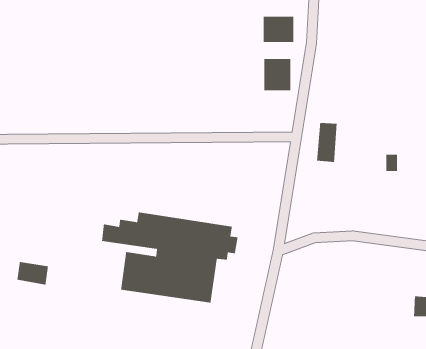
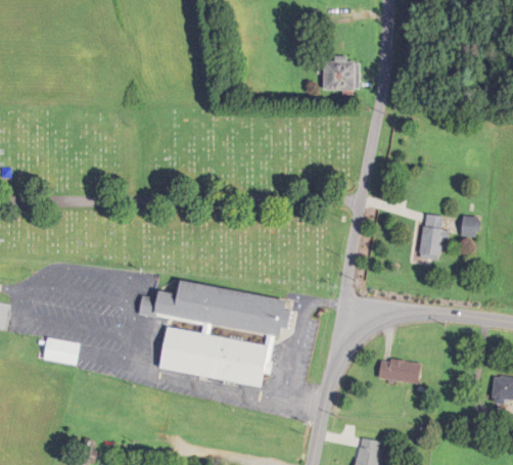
building: [263,58,291,91] -> none
building: [316,122,338,163] -> [418,214,442,260]
building: none -> [379,358,422,382]

